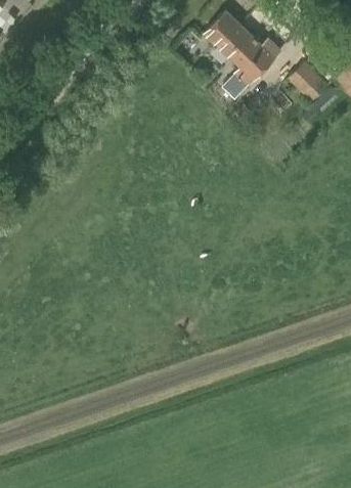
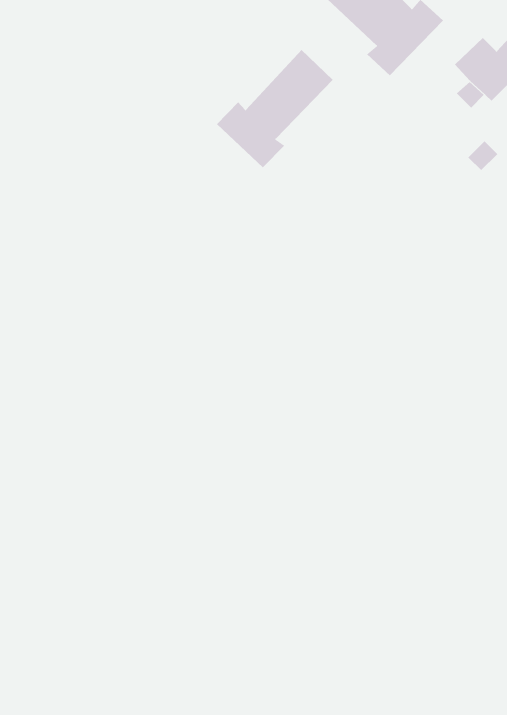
building: none -> [216,49,334,168]

